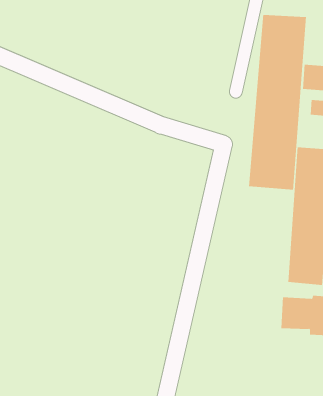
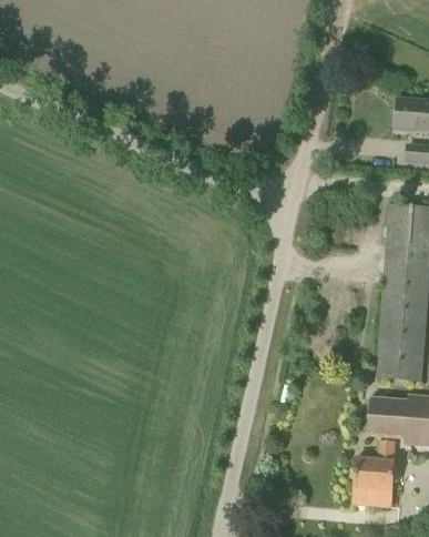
building: [249,14,307,190] -> none
building: none -> [351,439,395,507]

